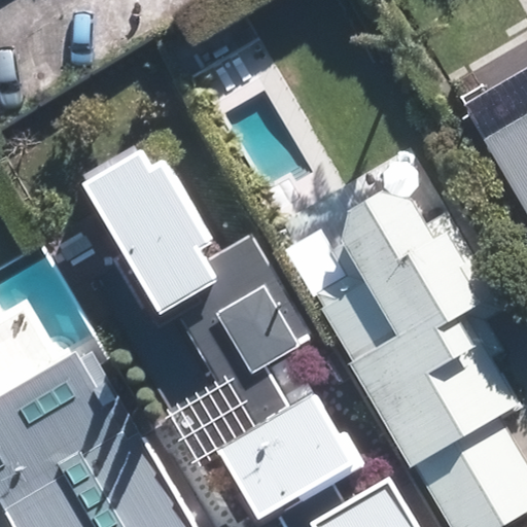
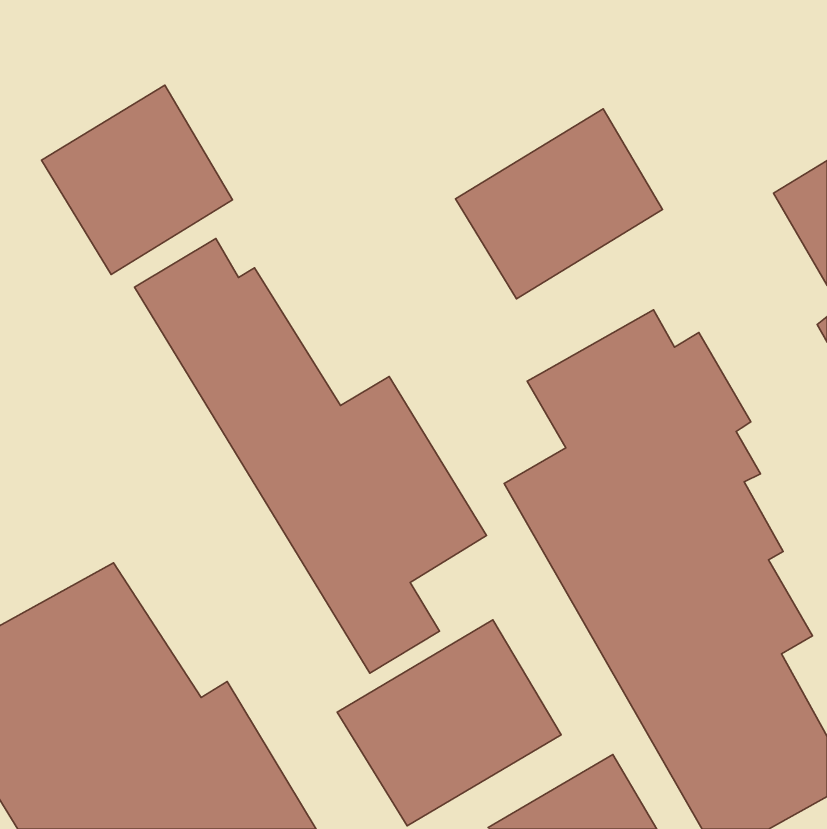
building: none -> [42,85,233,274]
building: none -> [456,109,662,299]

